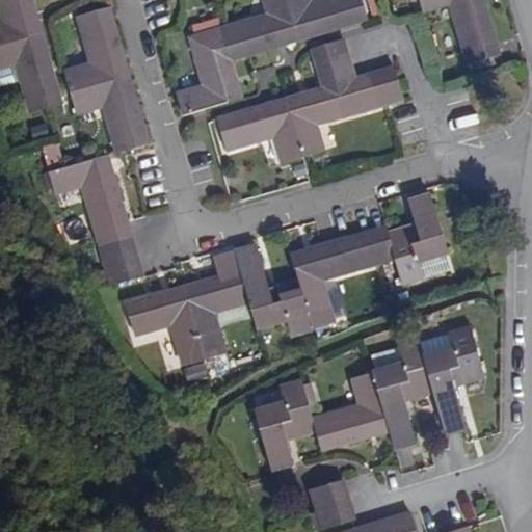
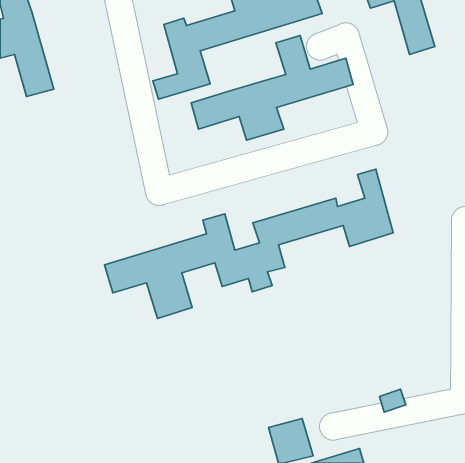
building: [63,5,150,152] -> none
building: [50,156,140,284] -> none
building: [251,328,484,470] -> none

